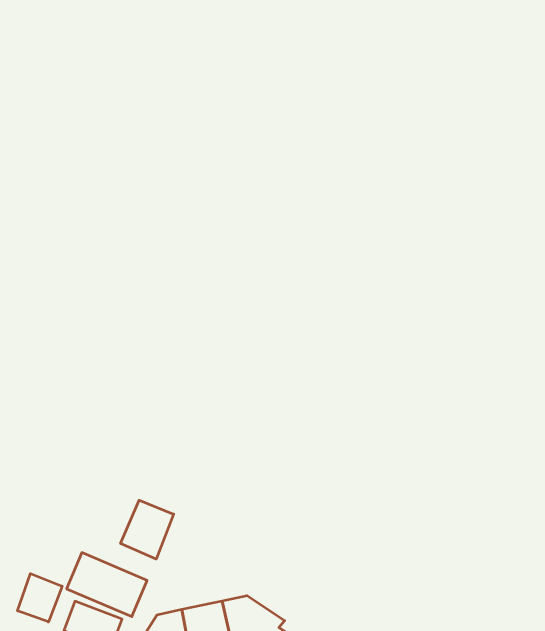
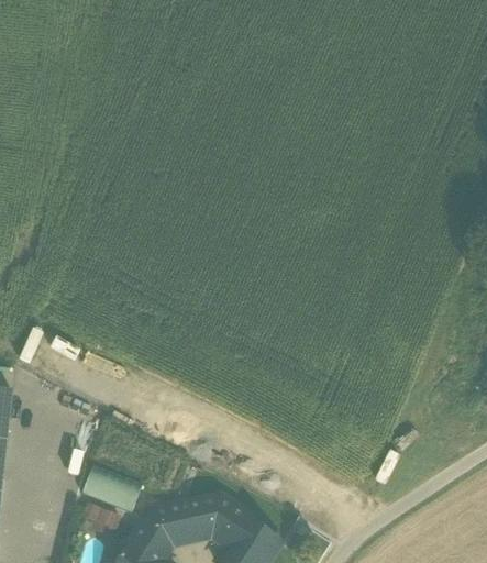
building: [121,500,174,559] -> none
building: [18,574,62,622] -> none

